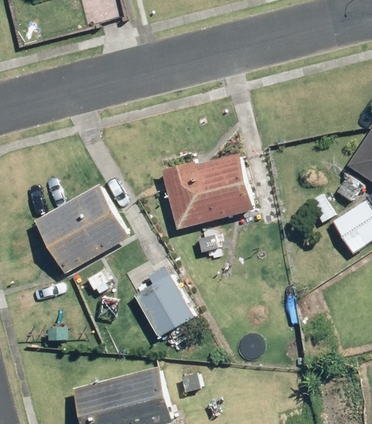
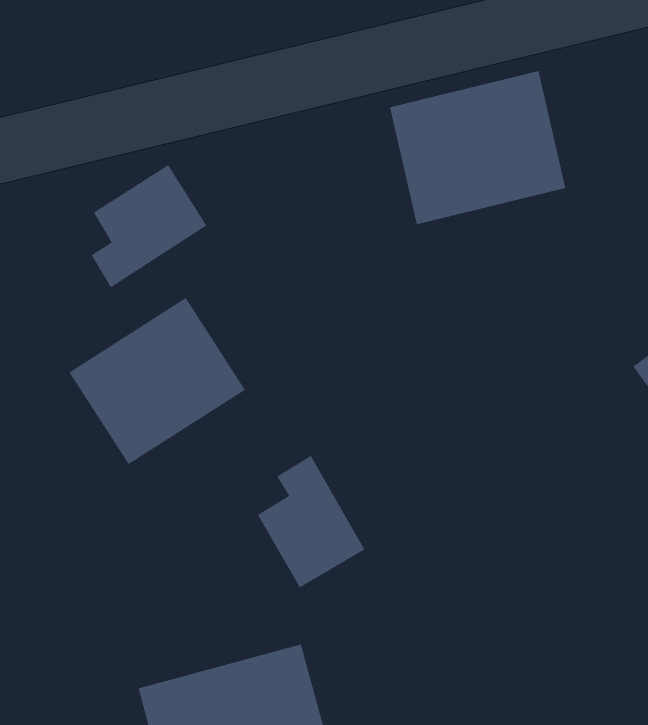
building: none -> [91,164,207,288]
building: [161,149,253,229] -> [389,71,566,225]

